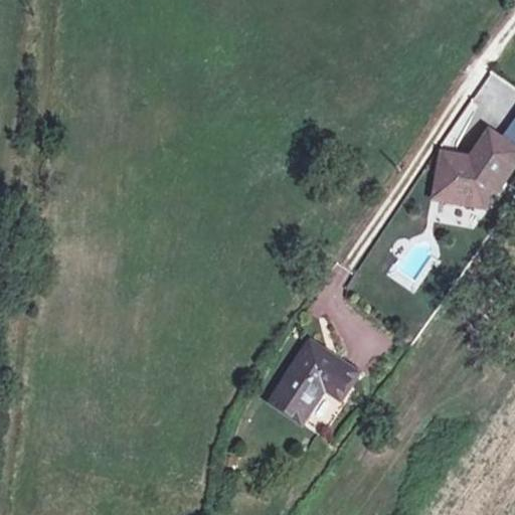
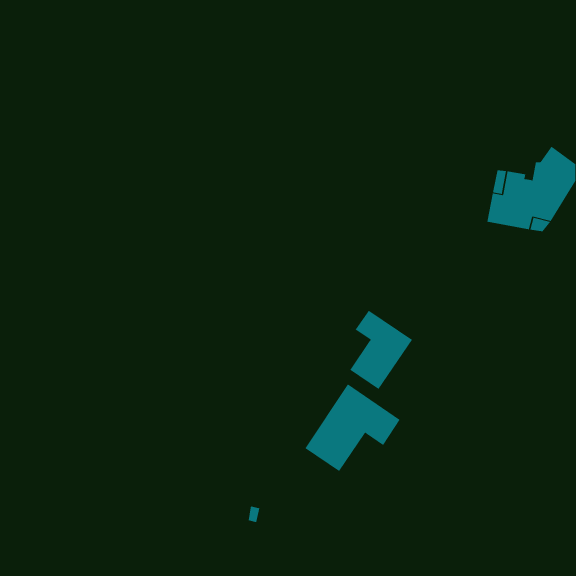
building: none -> [349,310,413,390]

